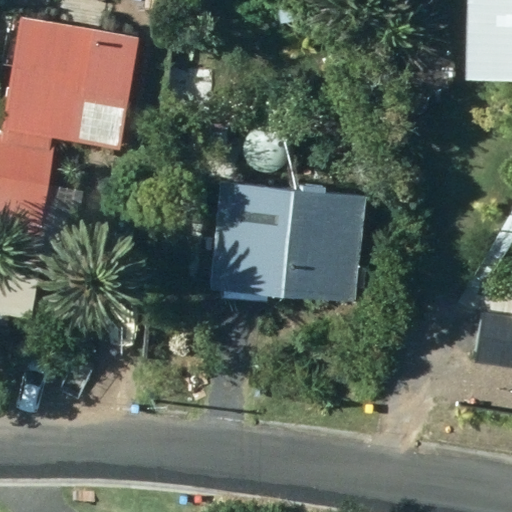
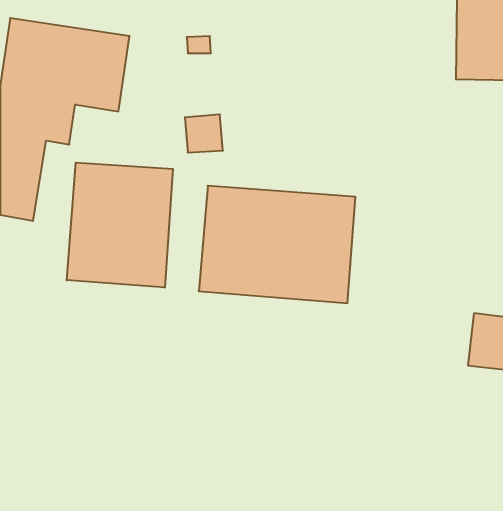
building: none -> [67,163,173,288]

